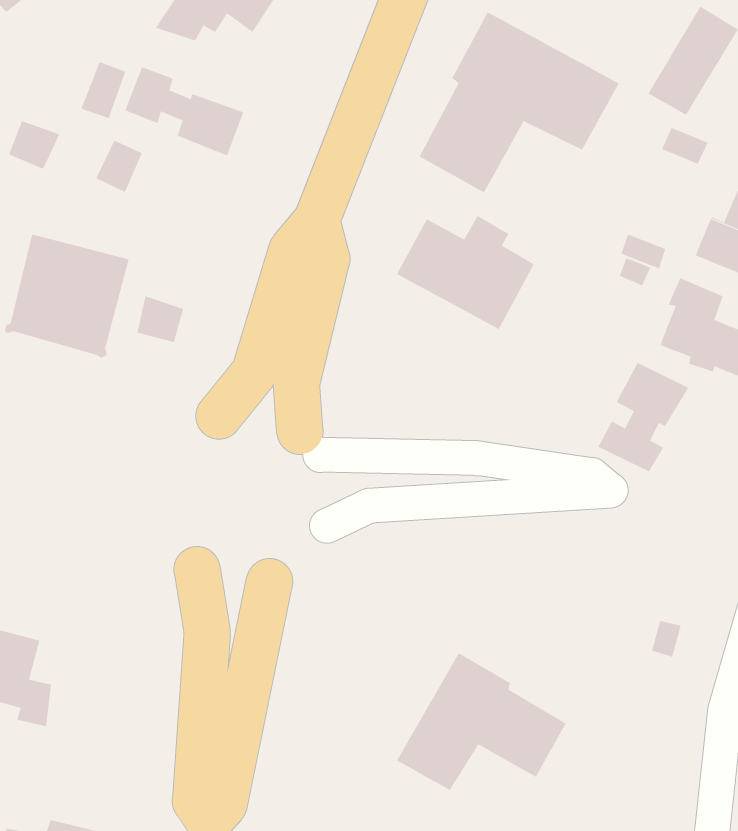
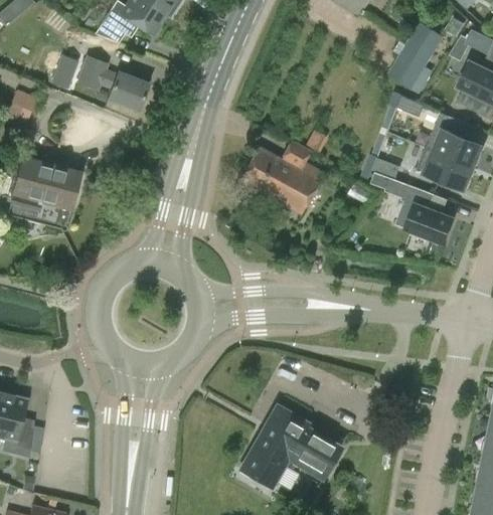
building: [419,12,620,193] -> none
building: [96,140,142,193] -> none
building: [137,296,184,343] -> none
building: [598,362,689,472] -> none

